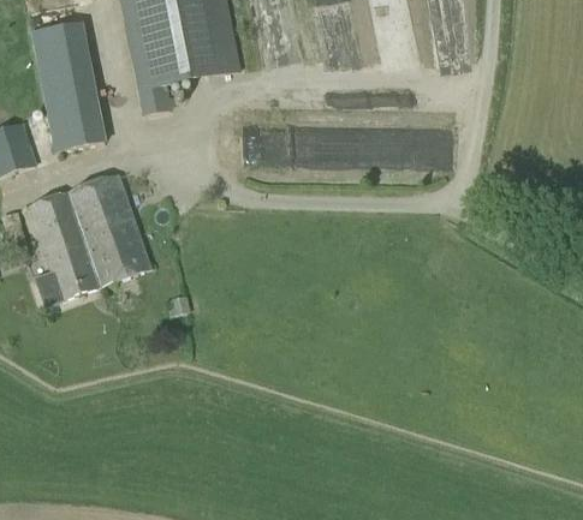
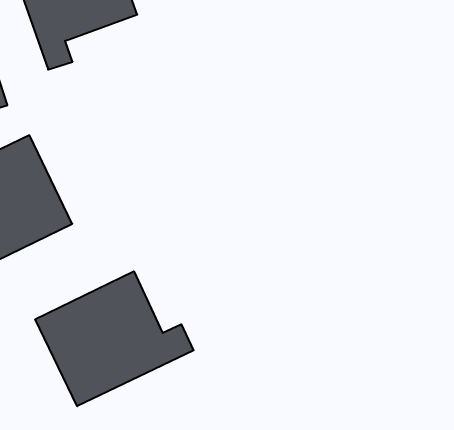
building: none -> [35,271,194,406]

